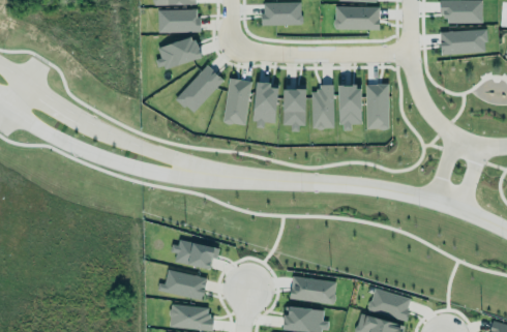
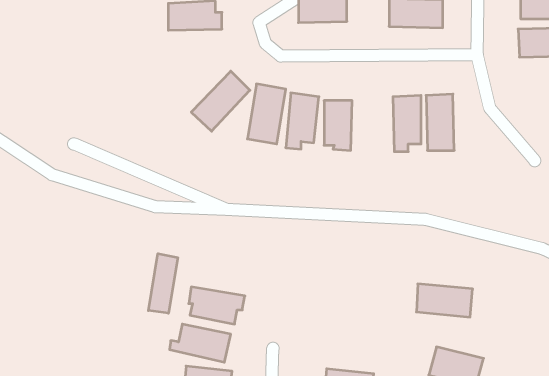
building: [156,36,202,70] -> none
building: [310,83,335,128] -> none
building: none -> [148,254,178,313]
building: [291,277,336,304] -> [416,284,473,317]

